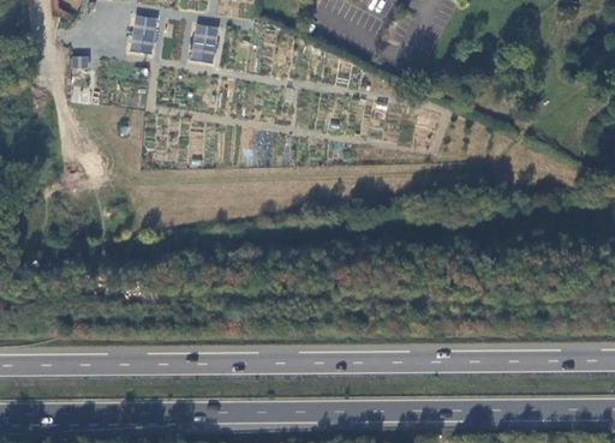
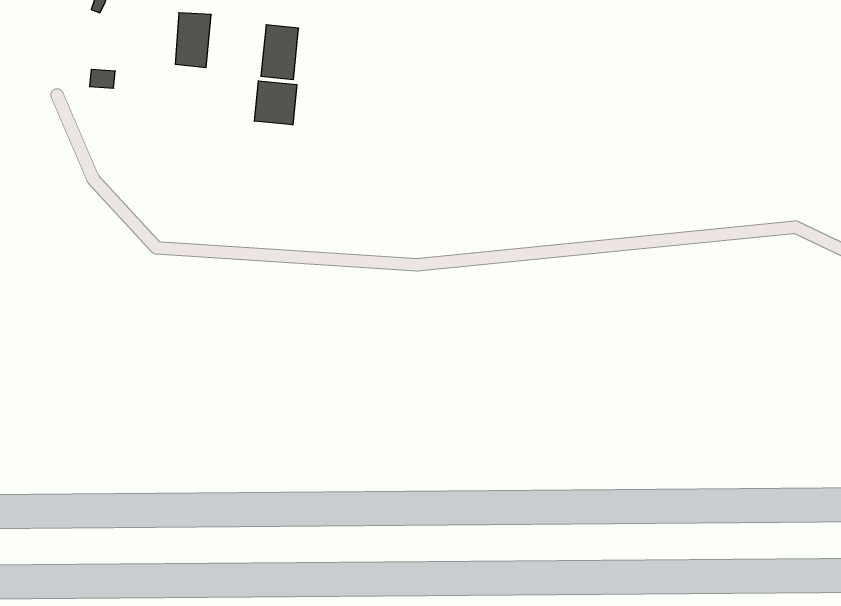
building: none -> [254,81,297,125]

